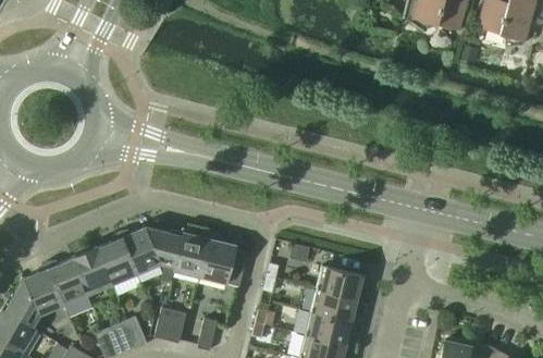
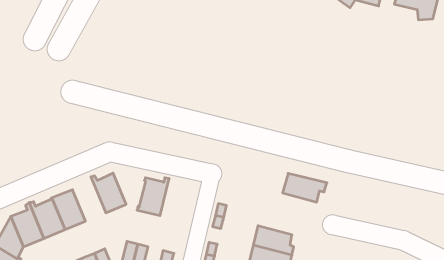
building: [146,227,184,268] -> none
building: [98,232,137,284] -> none
building: [201,234,248,287] -> none
building: [317,267,369,300] -> [283,173,327,202]

